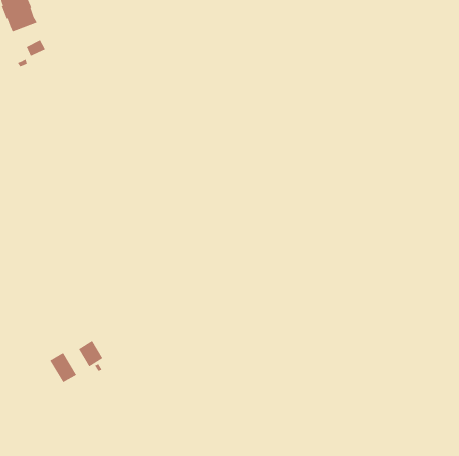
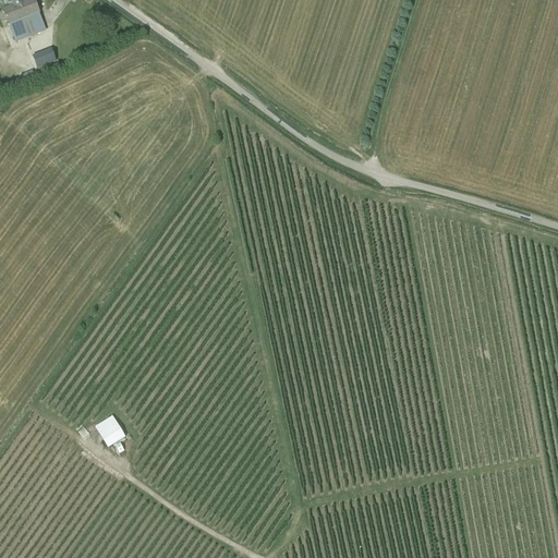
building: [50,352,77,383] -> none

